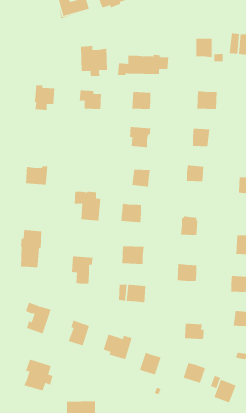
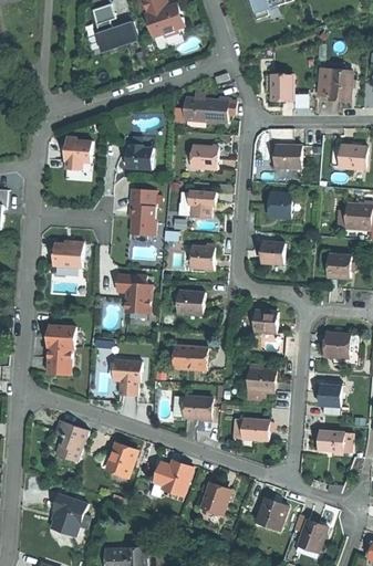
building: [81,45,108,77] -> none
building: none -> [128,188,155,234]
building: [184,323,205,339] -> [239,418,266,439]

